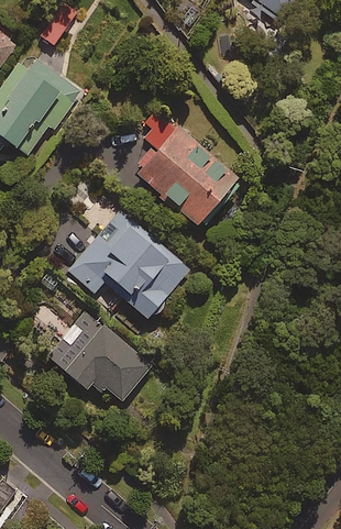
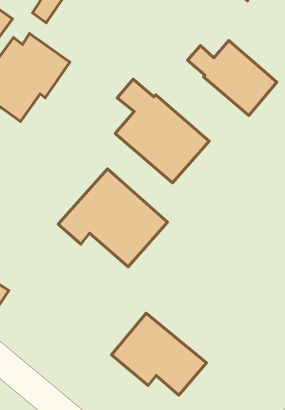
building: none -> [187,41,277,115]
building: [46,310,152,401] -> [112,313,206,395]

